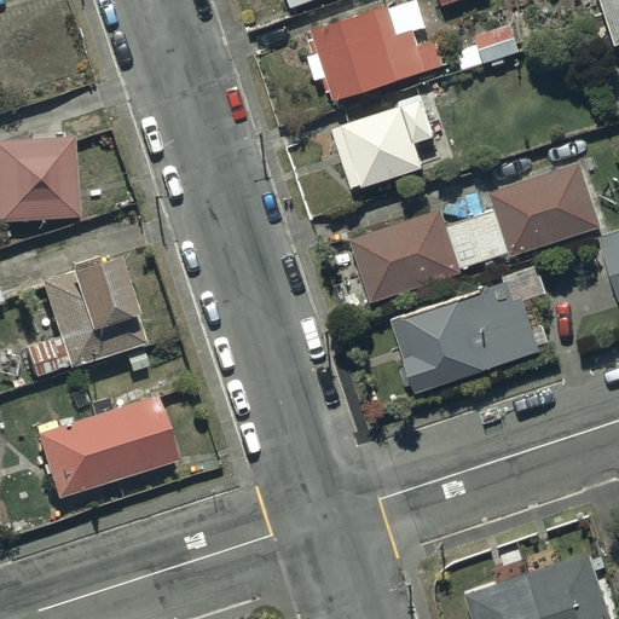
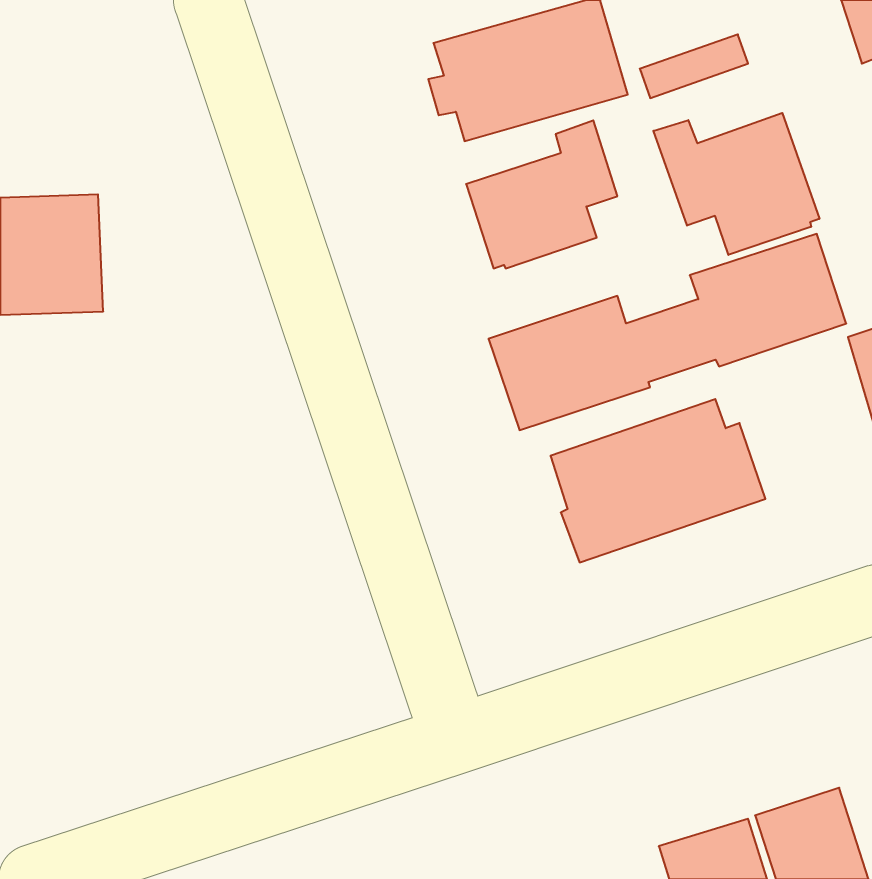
building: none -> [653,113,819,255]
building: [24,258,140,377] -> none
building: [33,395,174,499] -> none

